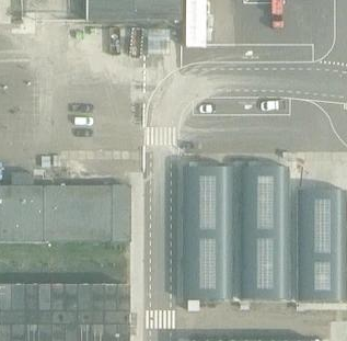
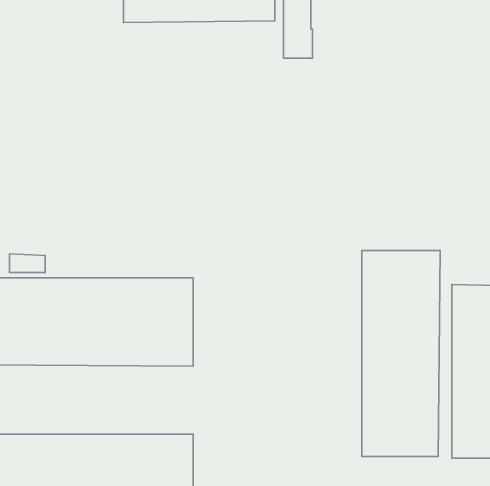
building: [182,166,231,298] -> none

